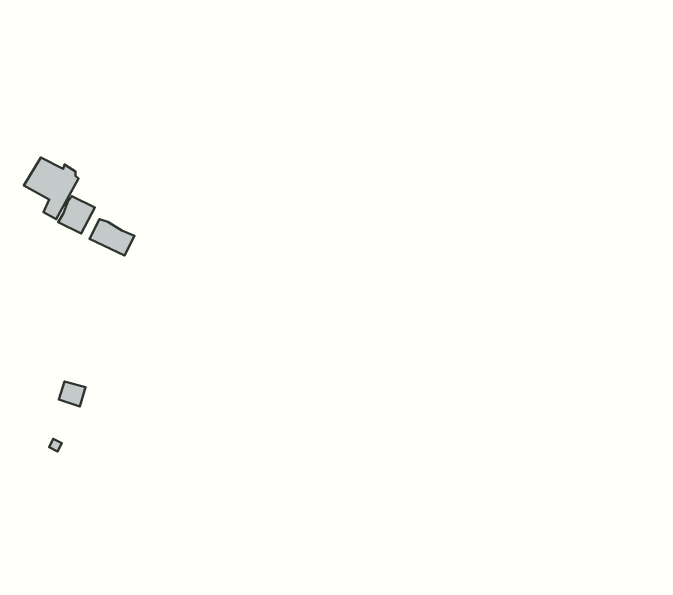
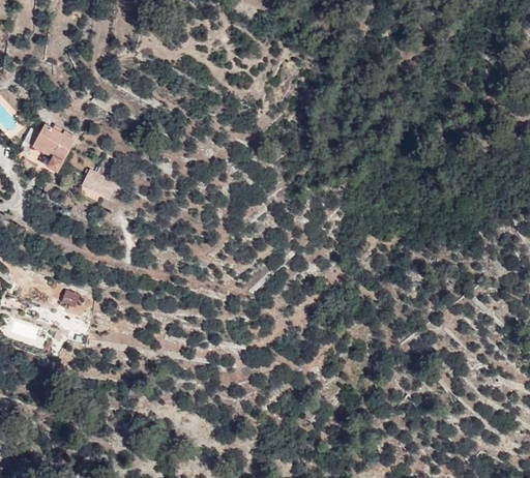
building: [58,196,95,234] -> none

